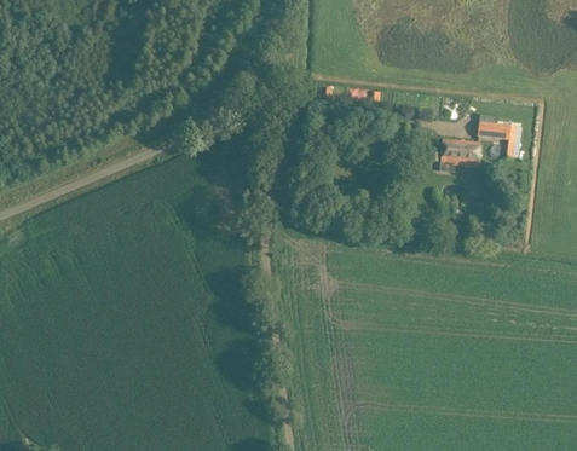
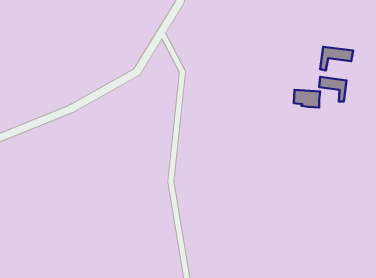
building: none -> [320,47,353,71]

